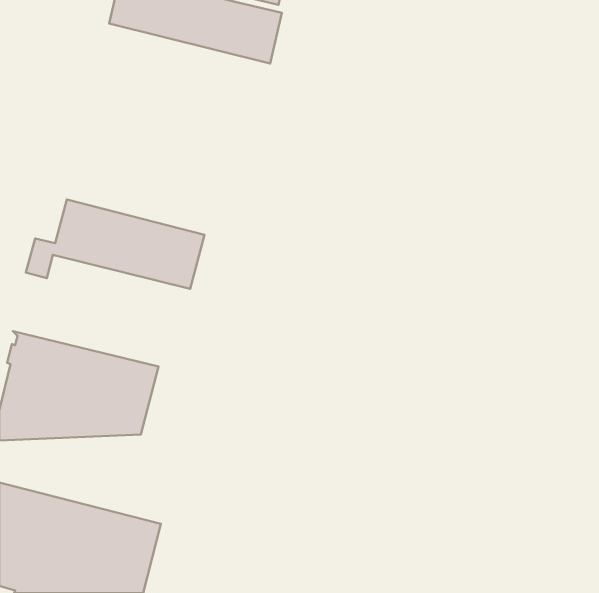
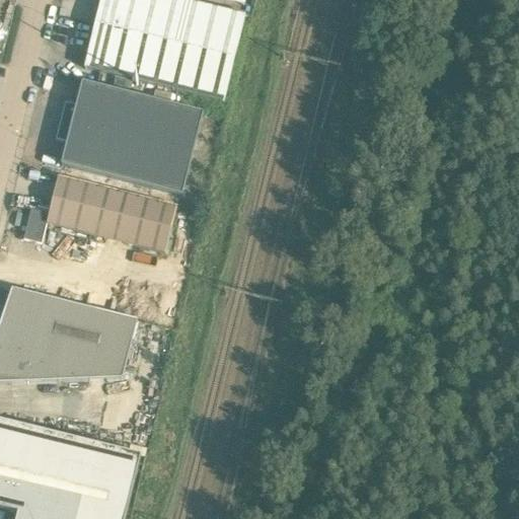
building: none -> [83,20,233,97]
building: none -> [55,79,200,191]

